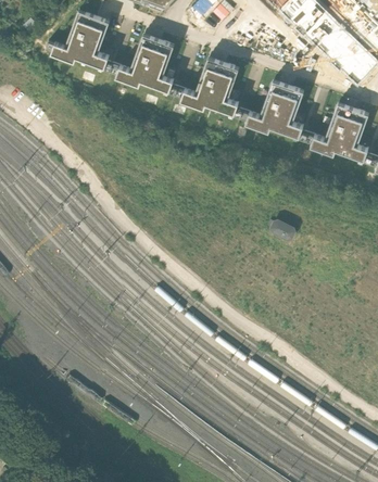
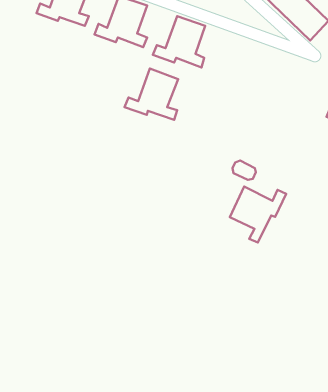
building: [244,80,304,138] -> [125,68,178,120]
building: [310,104,368,161] -> none
building: none -> [230,186,286,243]

